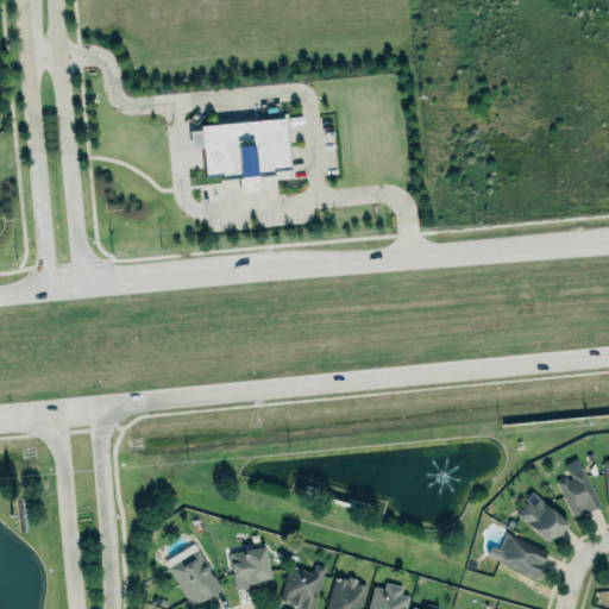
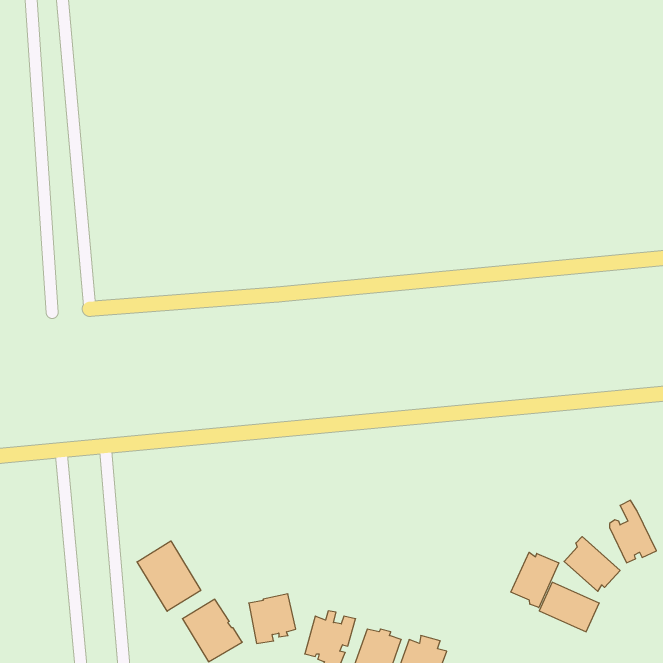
building: [199,118,288,193] -> none
building: none -> [137,541,201,611]
building: none -> [511,552,559,608]

